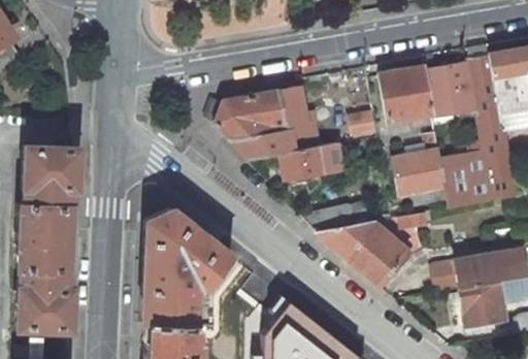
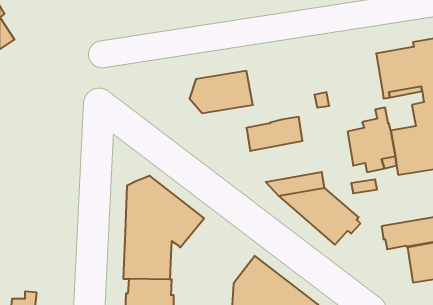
building: [381,65,434,131] -> none
building: [232,87,322,160] -> none
building: [18,144,79,327] -> none

